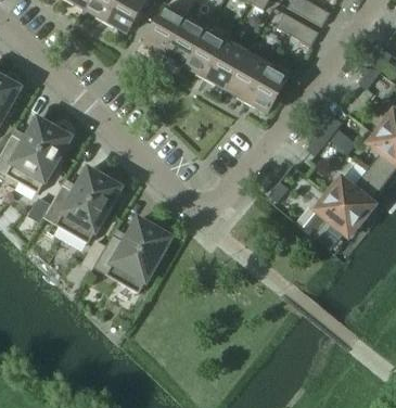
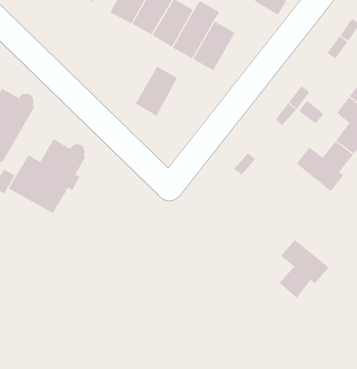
building: [246,63,289,113] -> [135,66,178,116]
building: [312,192,362,251] -> [279,239,330,298]
building: [93,217,170,292] -> none

